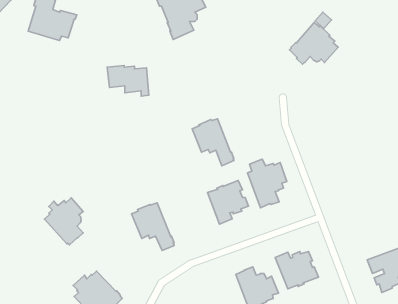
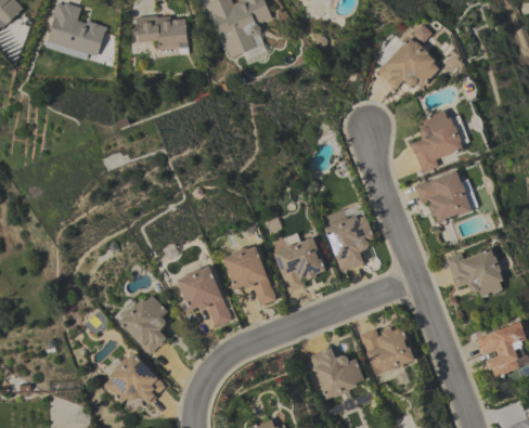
building: [107,65,149,96] -> [136,15,189,54]
building: none -> [410,111,469,172]
building: [192,119,234,166] -> [222,246,275,306]
building: none -> [415,170,478,223]
building: none -> [446,248,502,298]
building: [45,198,83,245] -> [118,295,167,354]

